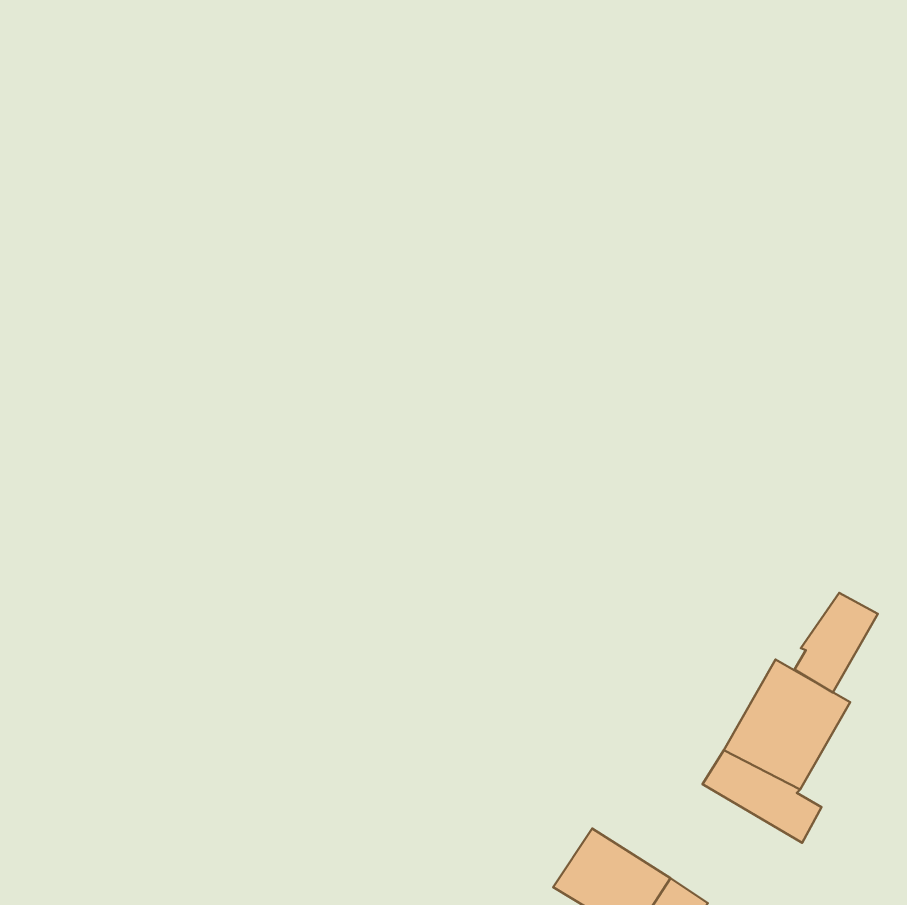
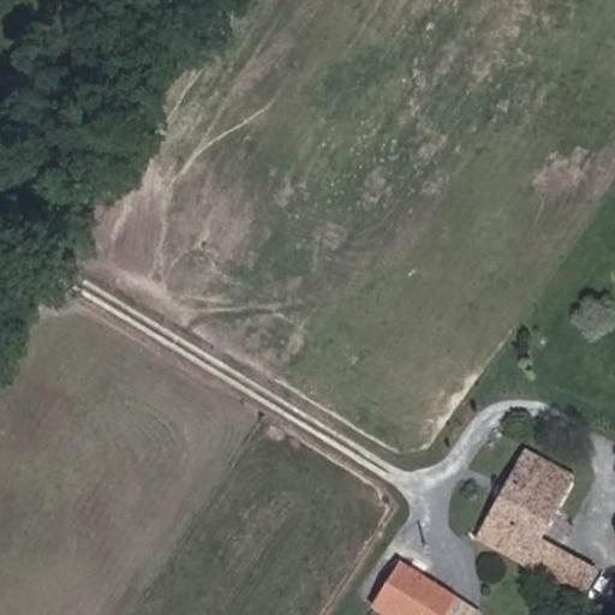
building: [794,593,878,693] -> none
building: none -> [542,548,593,593]

